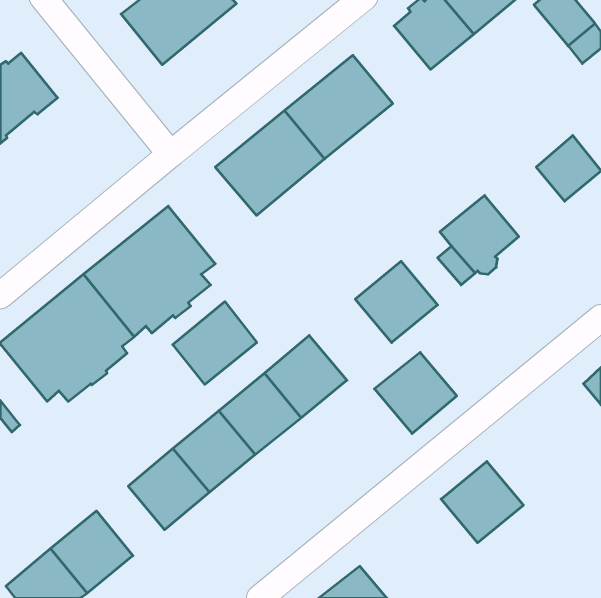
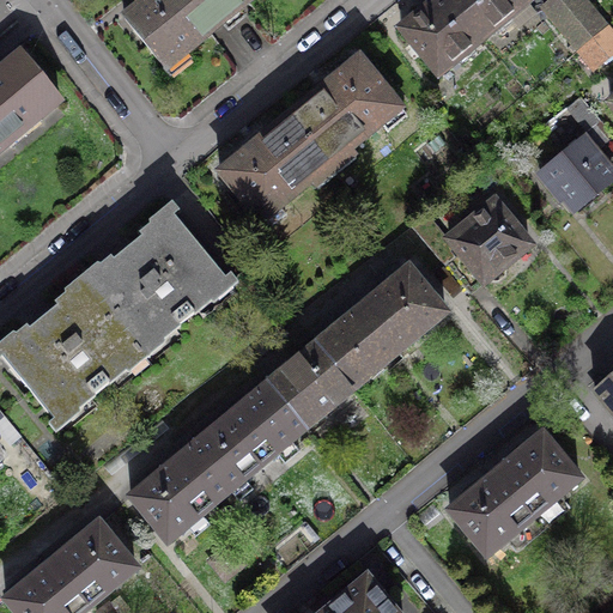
building: [173,302,257,384] -> none
building: [374,352,457,434] -> [315,304,399,387]
building: none -> [496,431,579,514]

